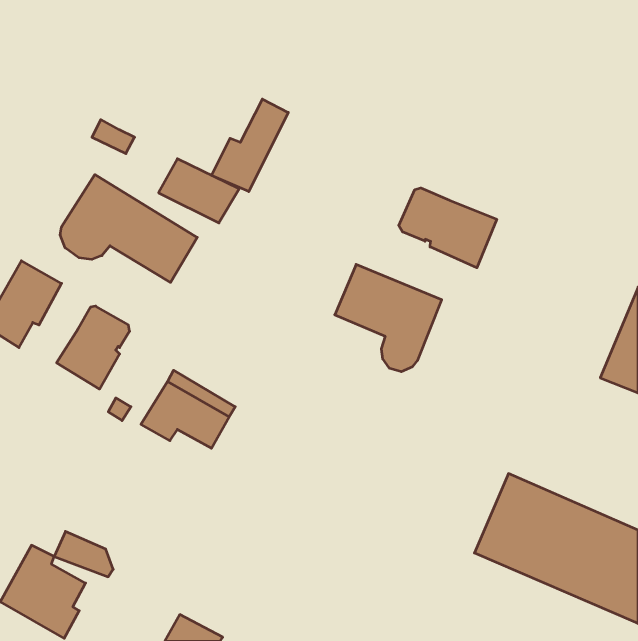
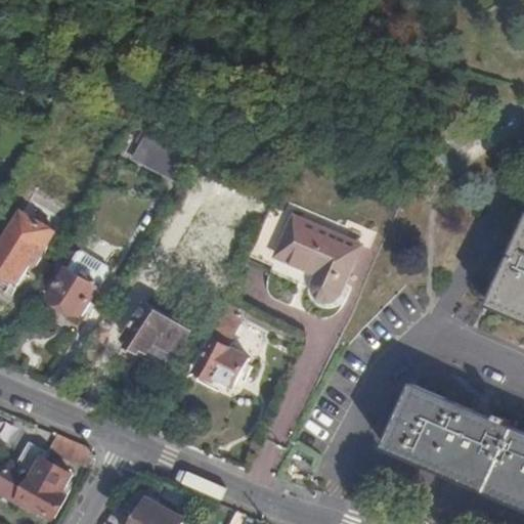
building: [211,99,288,192] -> none
building: [60,175,197,282] -> none
building: [399,188,497,268] -> none
building: none -> [193,310,247,387]

